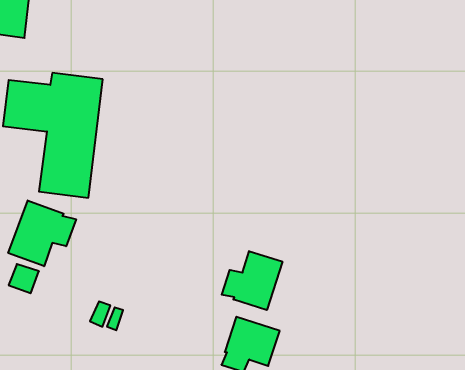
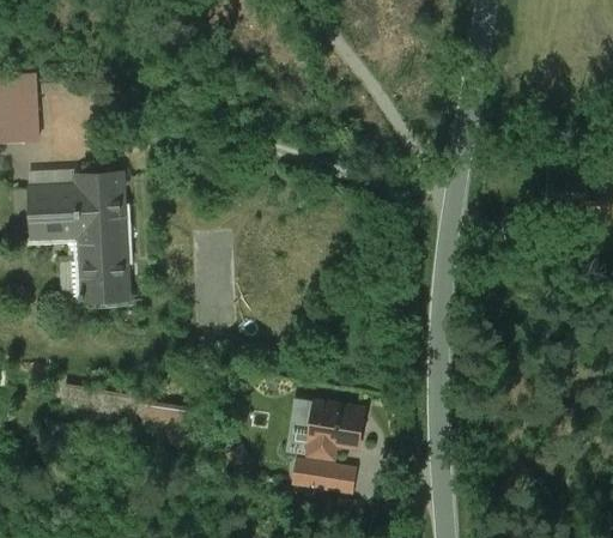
building: [8,200,76,266] -> none
building: [222,251,282,310] -> none

